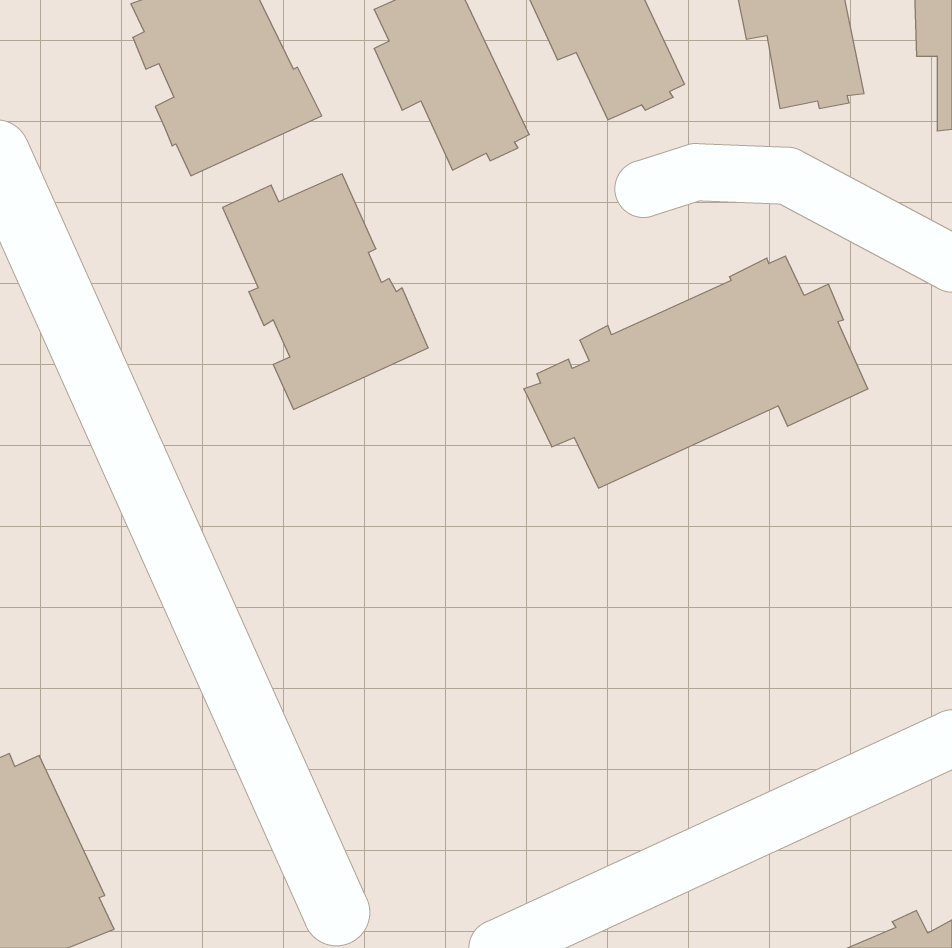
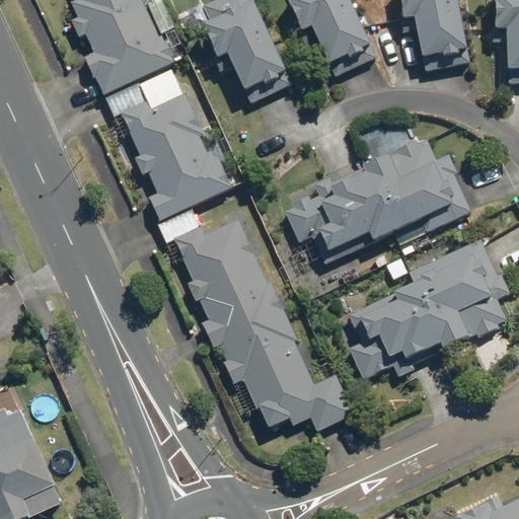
building: none -> [173,219,355,432]
building: none -> [348,240,510,380]

